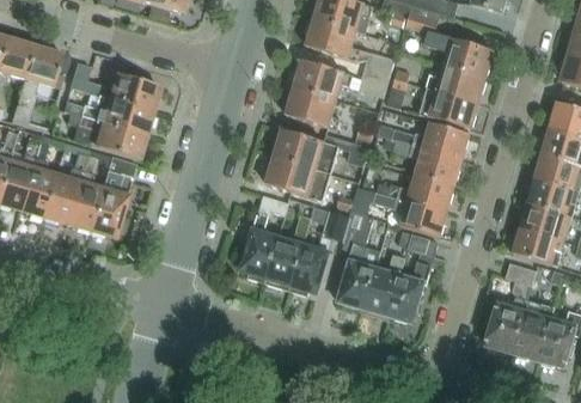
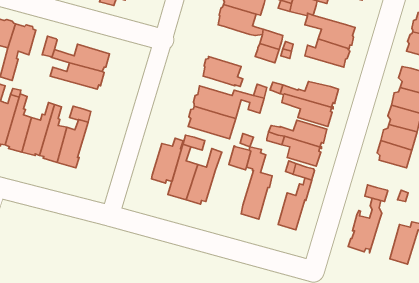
building: [294,59,354,102] -> none
building: [417,87,477,128] -> none
building: [78,115,145,159] -> none
building: [513,228,562,265] -> none
building: [289,234,332,295] -> [151,138,183,183]
building: [362,254,405,316] -> none
building: [512,304,555,362] -> none

